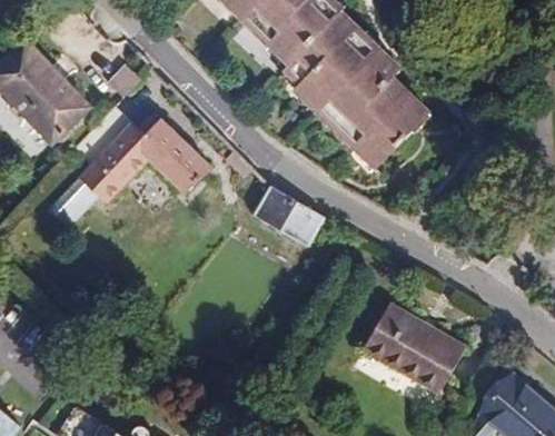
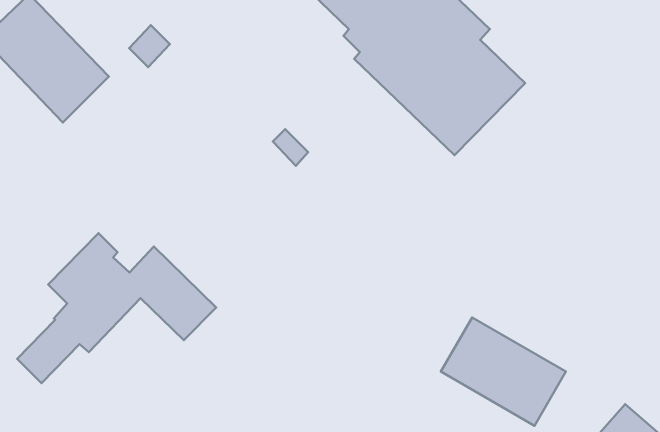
building: [48,106,211,229] -> [17,233,216,383]
building: [254,186,324,246] -> none

